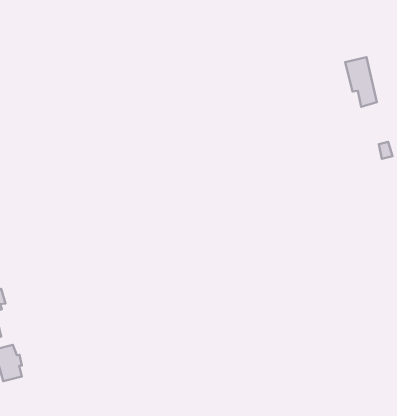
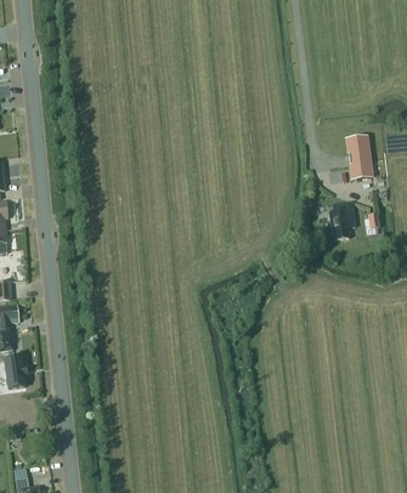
building: none -> [328,200,356,240]

